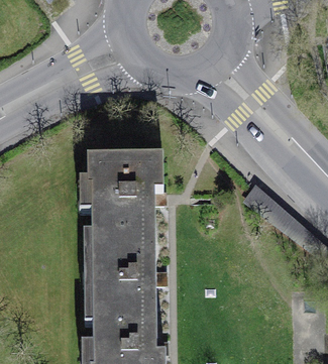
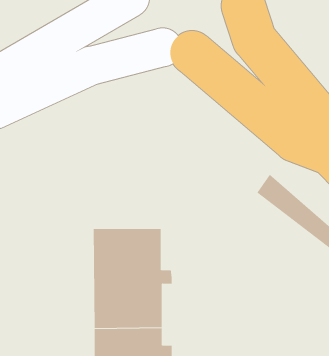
building: [86,152,162,228] -> none

